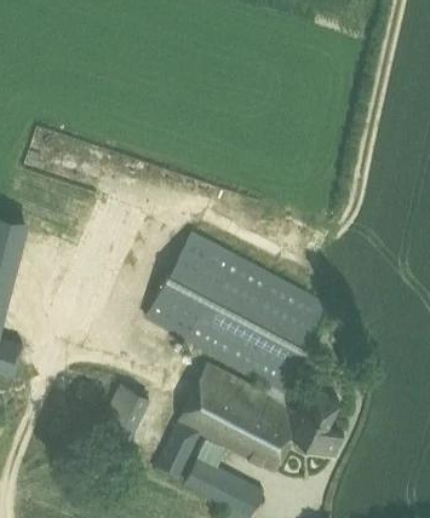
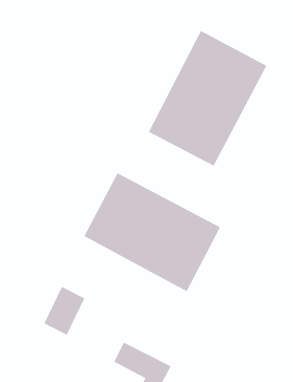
building: none -> [148,30,267,167]
building: [153,367,343,480] -> none

